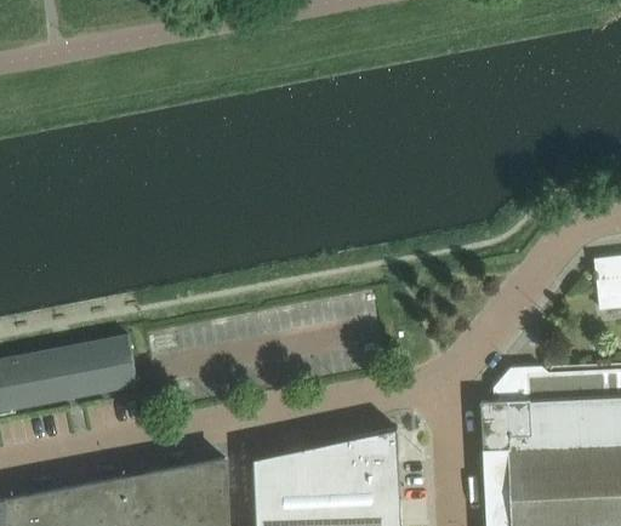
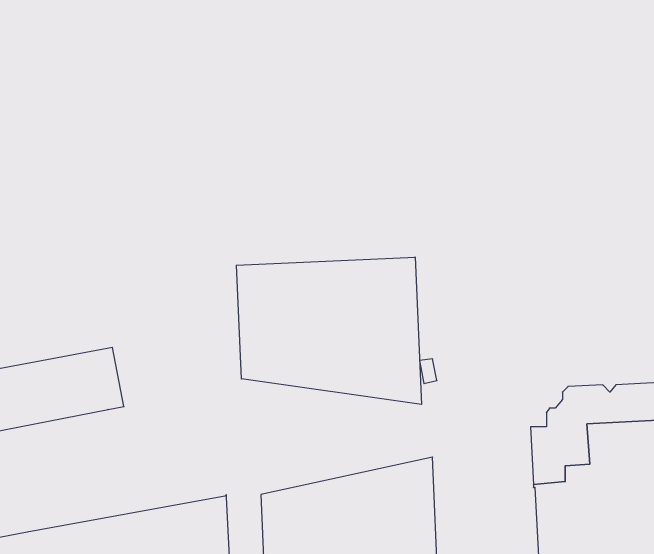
building: none -> [236,257,421,404]

